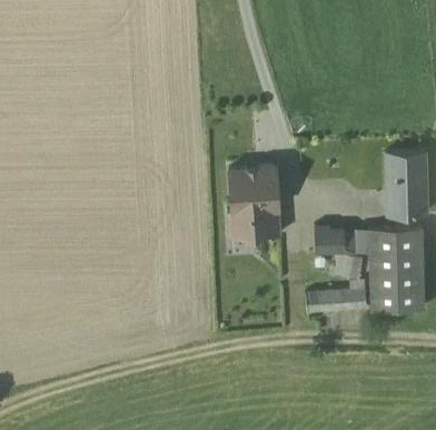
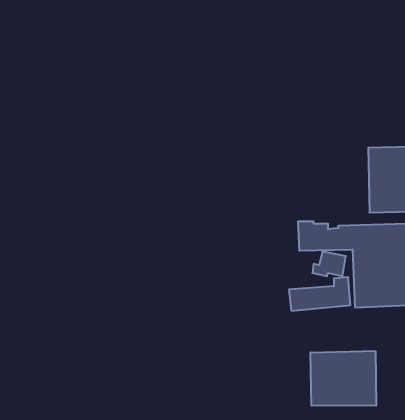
building: [227,164,283,238] -> none
building: none -> [311,351,376,406]

